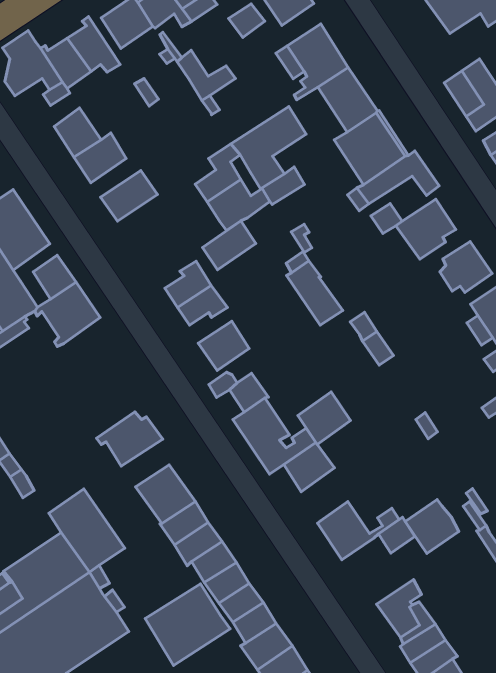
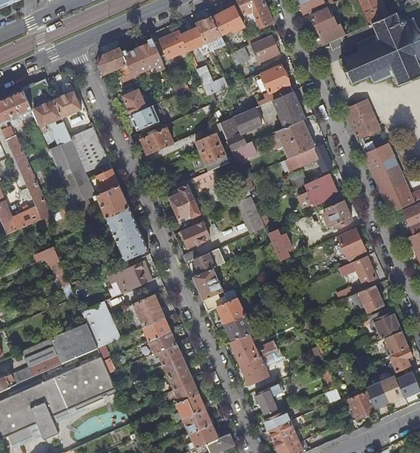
building: none -> [106,206,148,259]
building: [298,392,351,444] -> [224,313,253,341]
building: [405,500,459,553] -> [240,356,269,385]
building: [145,584,230,665] -> none

